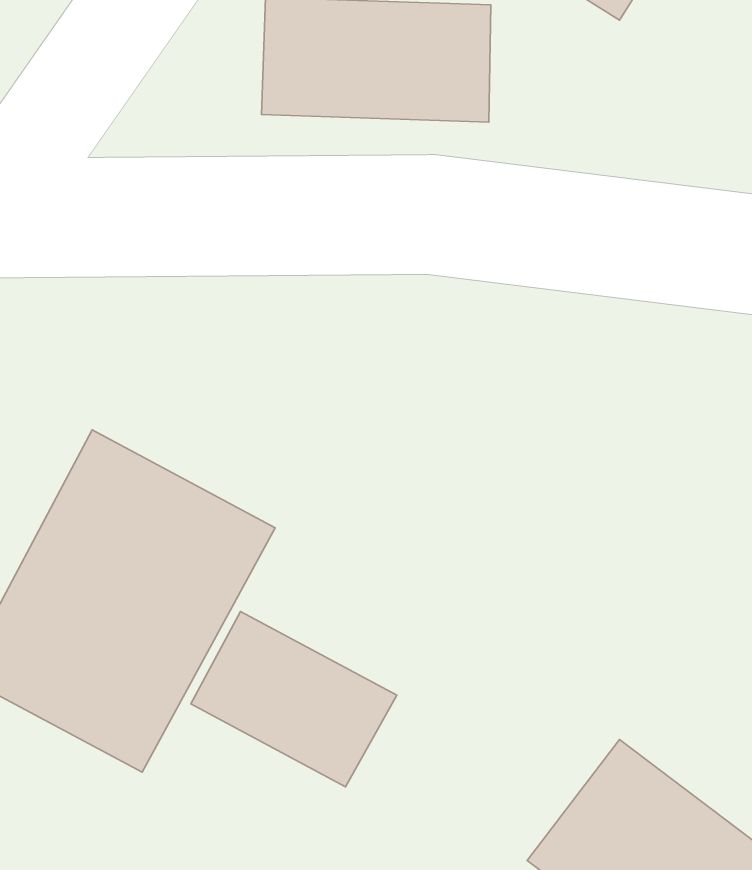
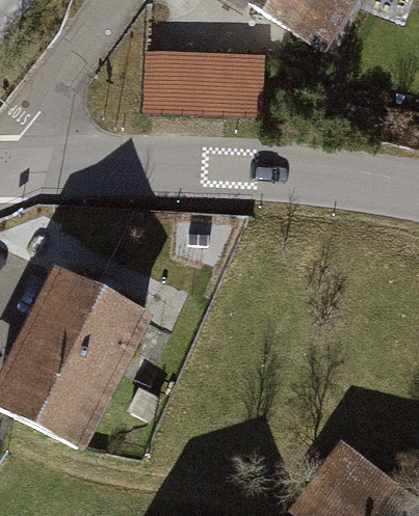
building: [191,611,397,787] -> none

